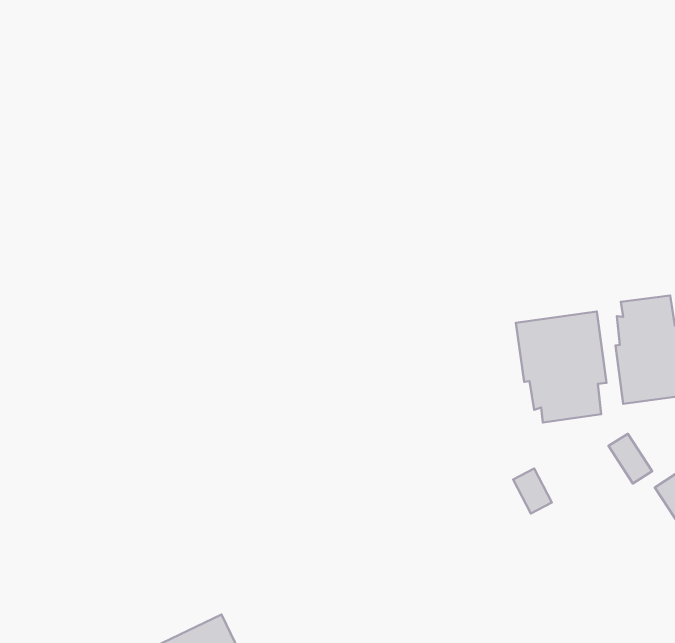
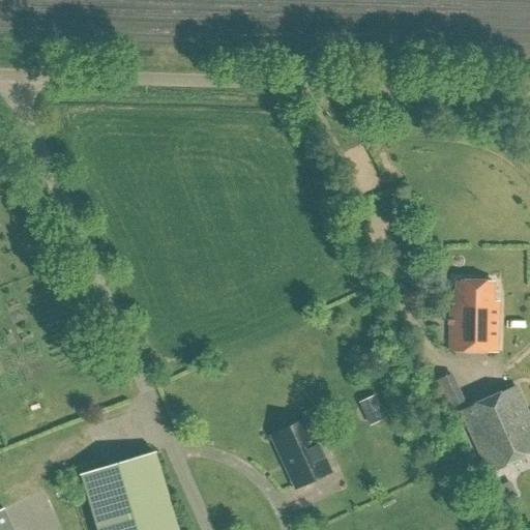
building: [516,312,607,423] -> none
building: none -> [273,419,331,487]

